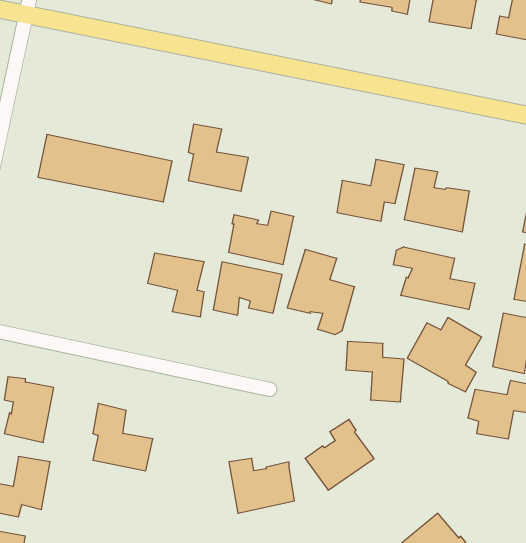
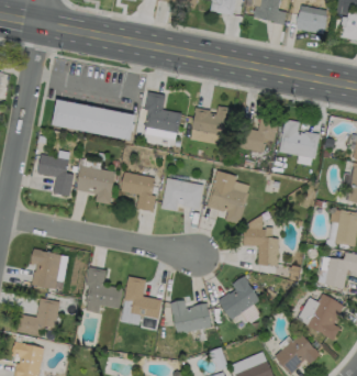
building: [228,211,294,264] -> [192,106,233,139]
building: none -> [37,155,74,196]
building: none -> [76,166,114,204]
building: [394,247,475,310] -> none
building: [407,318,482,392] -> [297,295,343,341]
building: none -> [124,276,161,329]

